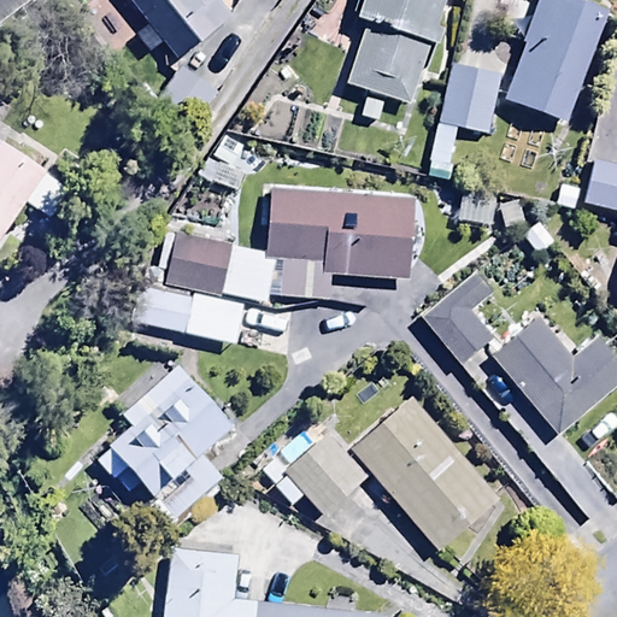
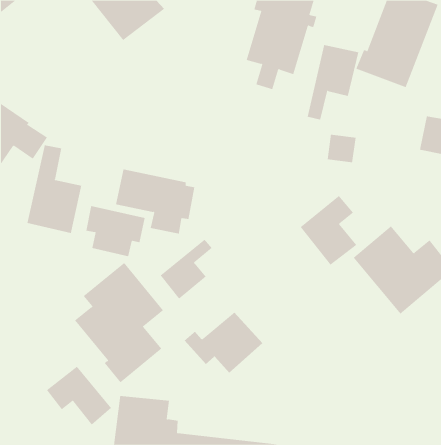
building: [266,187,416,298] -> none
building: none -> [27,144,82,234]
building: none -> [160,239,212,300]
building: [351,395,499,551] -> none
building: none -> [46,366,112,425]

